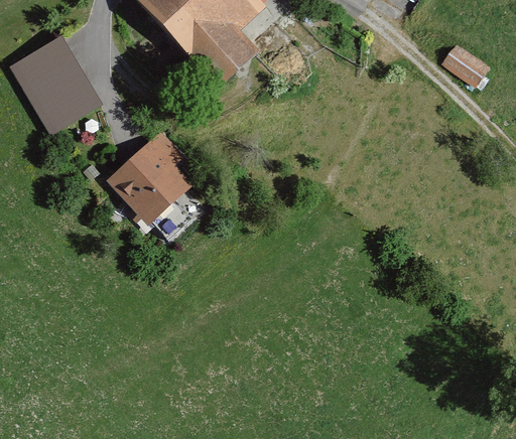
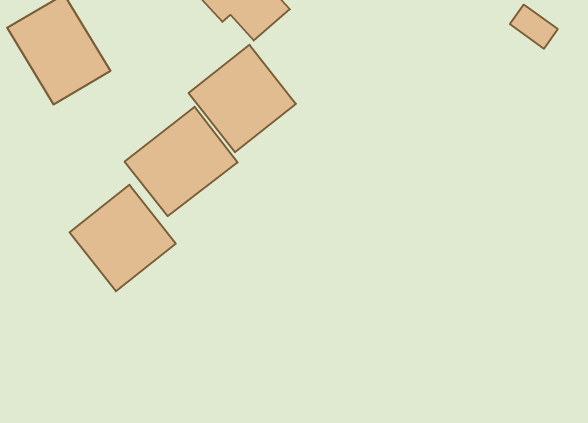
building: none -> [189,45,296,152]
building: none -> [70,185,176,291]

